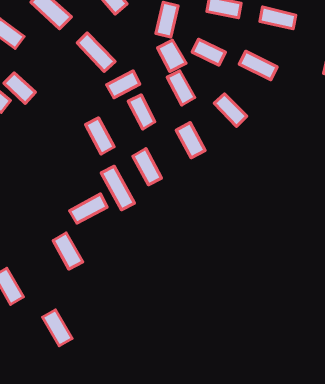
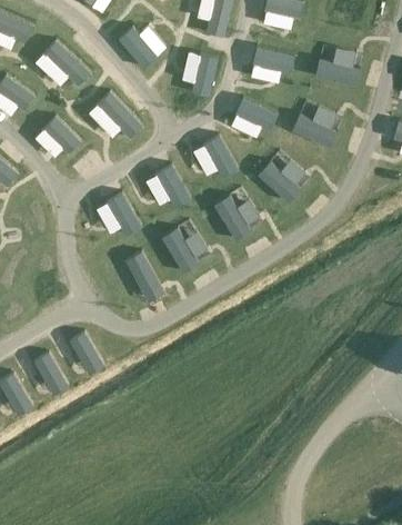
building: [157,40,186,71] -> none
building: [107,71,140,98] -> none
building: [4,73,35,103] -> [42,116,80,152]
building: [70,194,107,223] -> none
building: [42,310,72,346] -> [32,353,68,396]

